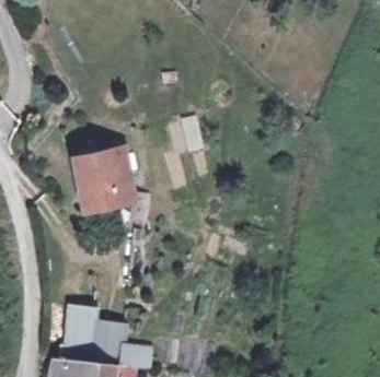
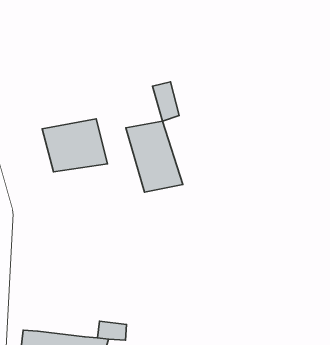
building: none -> [126,121,183,192]
building: [66,306,113,363] -> none

